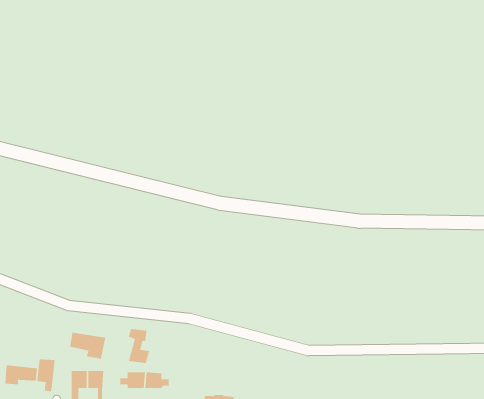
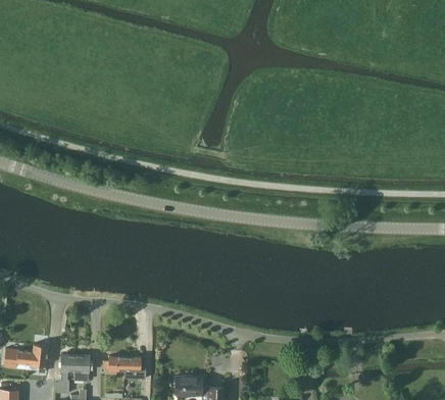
building: [128,328,150,364] -> none
building: [69,332,106,360] -> none

